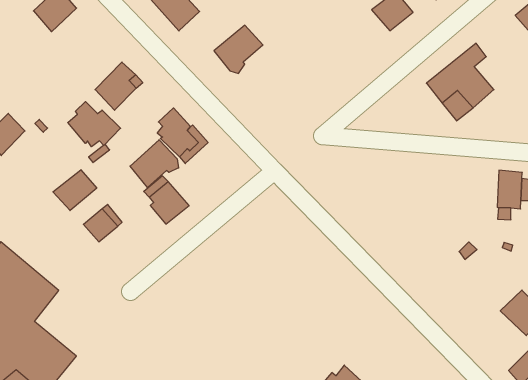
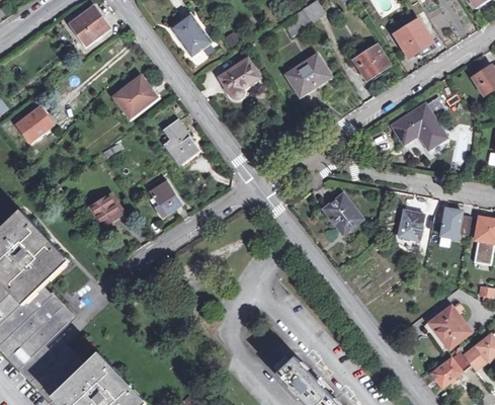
building: none -> [285,55,330,93]
building: [68,102,121,147] -> none
building: [130,140,179,187] -> none
building: [53,170,97,211] -> none
building: none -> [326,194,361,233]
building: none -> [398,211,424,239]

